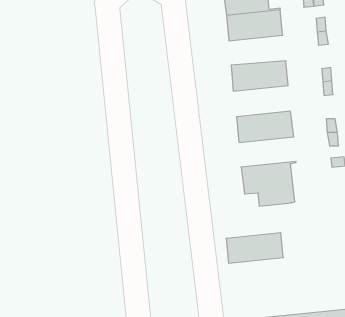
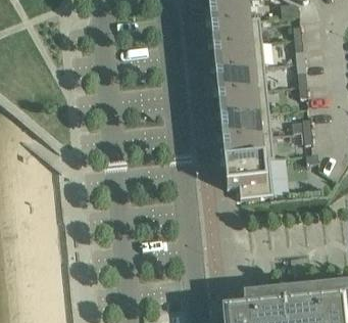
building: none -> [212,38,264,65]
building: none -> [216,84,268,112]
building: [226,233,283,263] -> [221,131,274,158]

